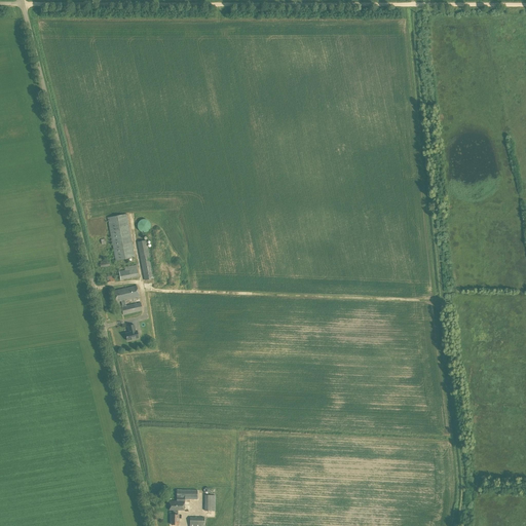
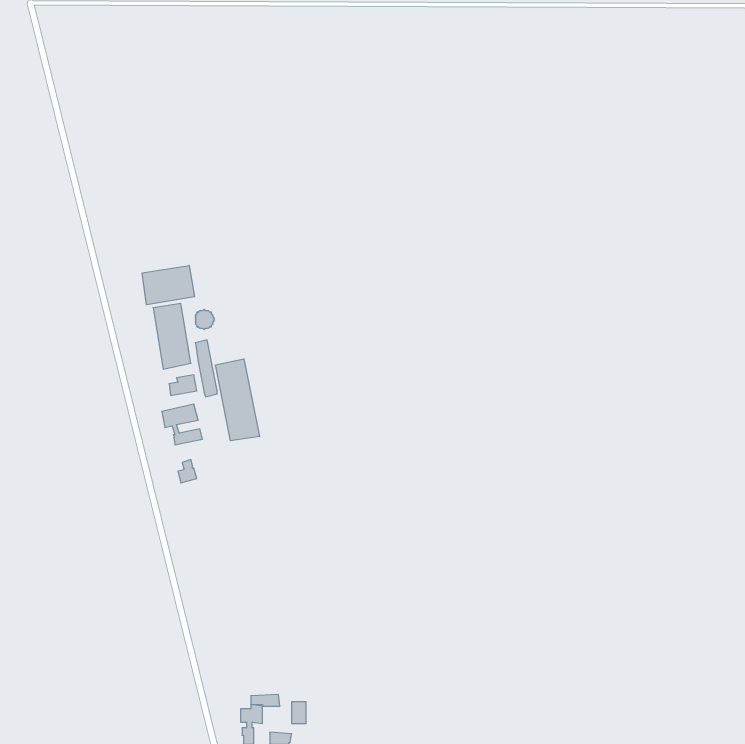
building: none -> [142,265,195,305]
building: none -> [216,359,259,441]

